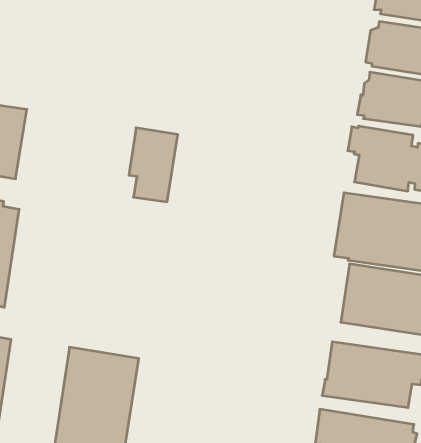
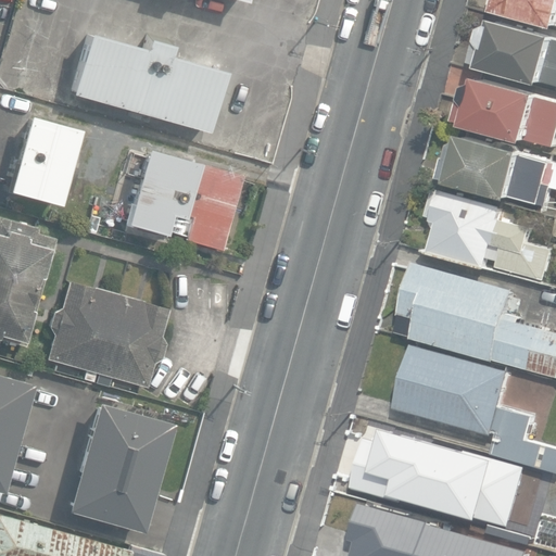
building: none -> [72,34,227,134]
building: none -> [121,150,195,237]
building: none -> [46,282,168,390]

